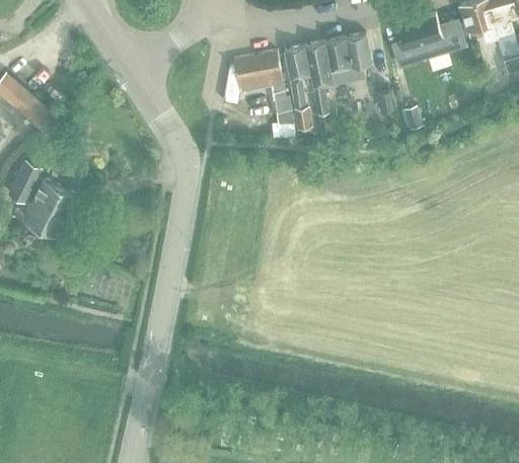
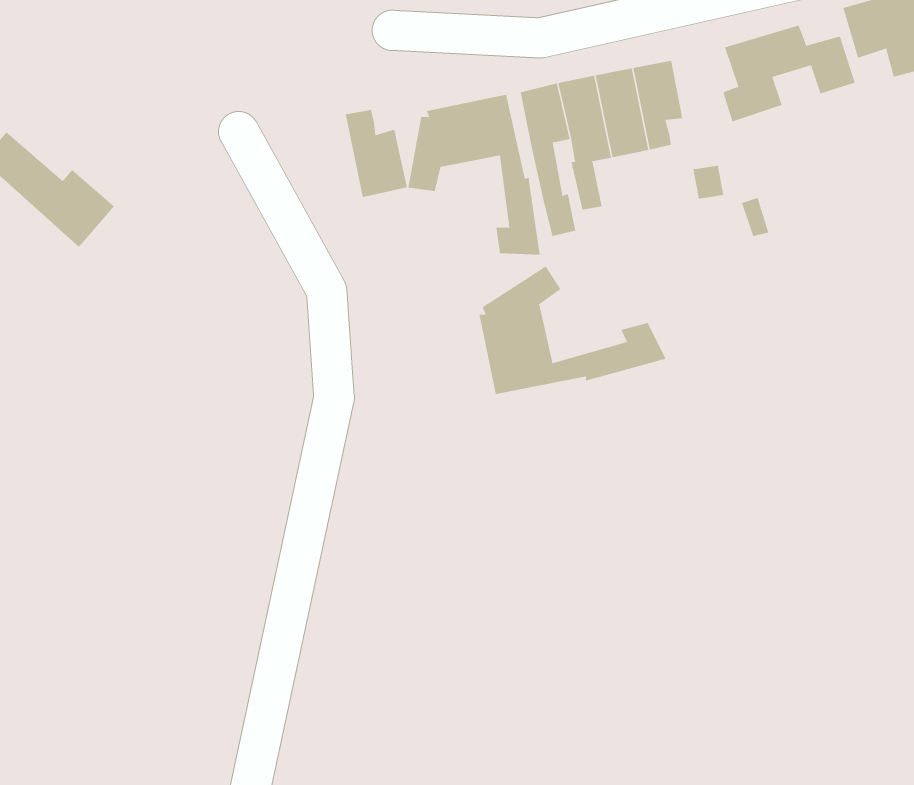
building: none -> [345,109,407,198]
building: none -> [479,265,667,395]
building: [7,160,75,233] -> none

